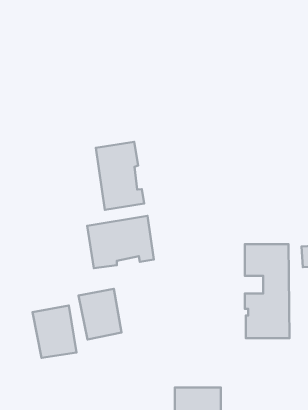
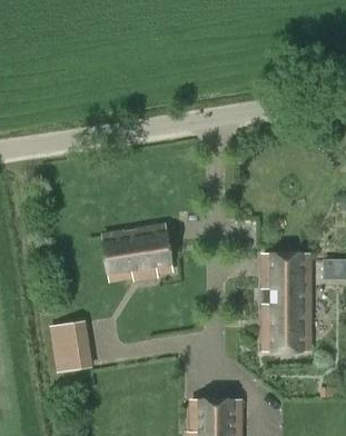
building: [96,142,144,210] -> none
building: [79,289,121,340] -> none

